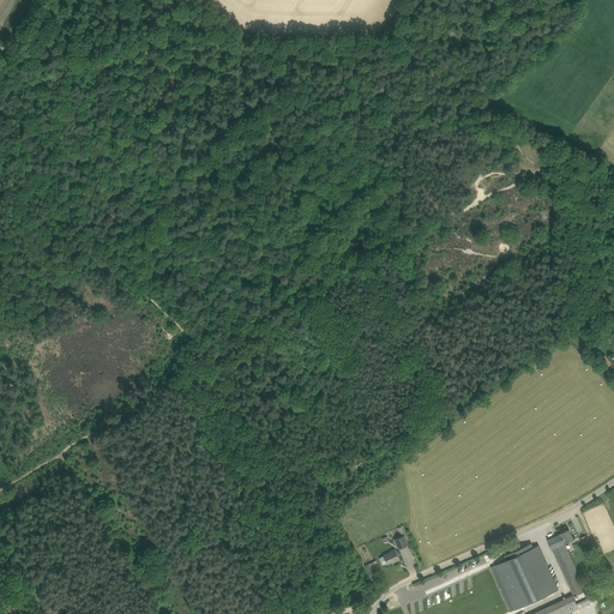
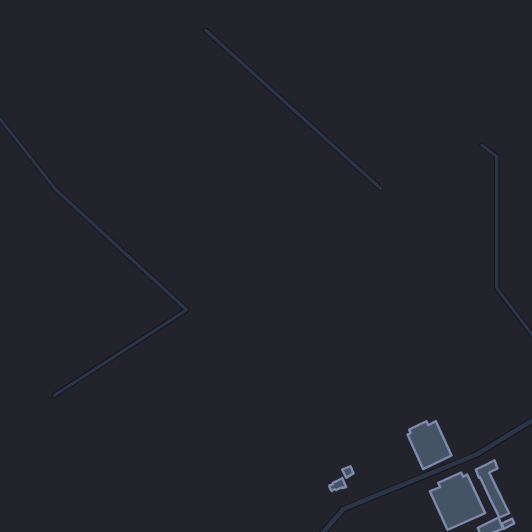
building: none -> [407,421,452,469]

